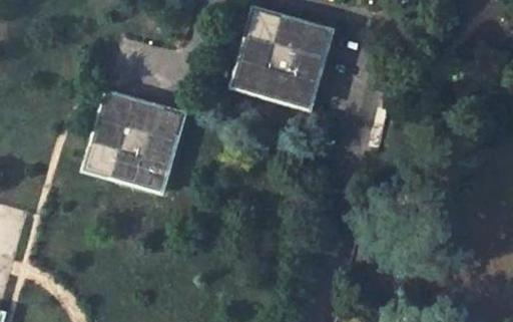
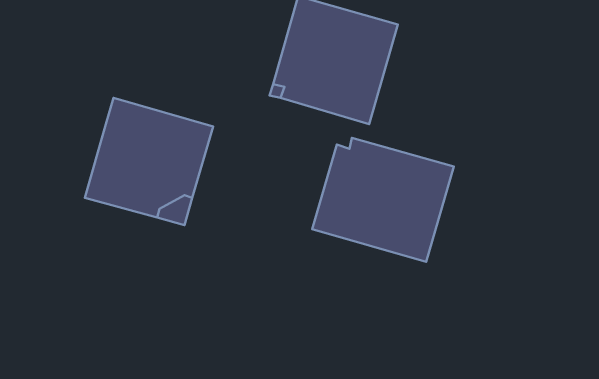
building: none -> [312,138,454,262]

